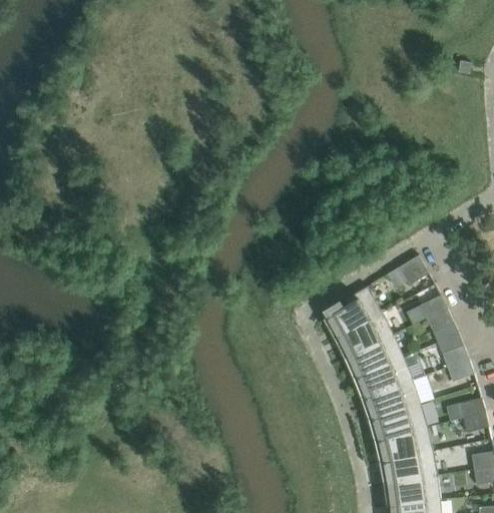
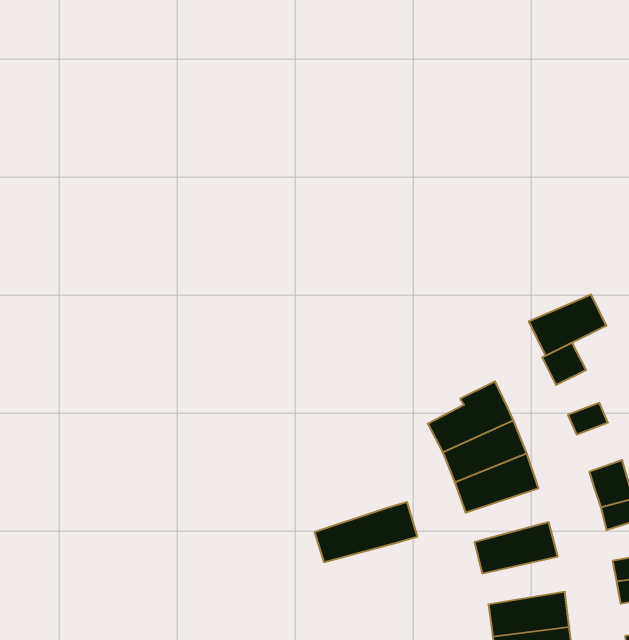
building: none -> [529,294,606,356]
building: [427,309,460,344] -> none
building: [355,353,426,399] -> [315,502,417,562]
building: [370,404,428,441] -> none

